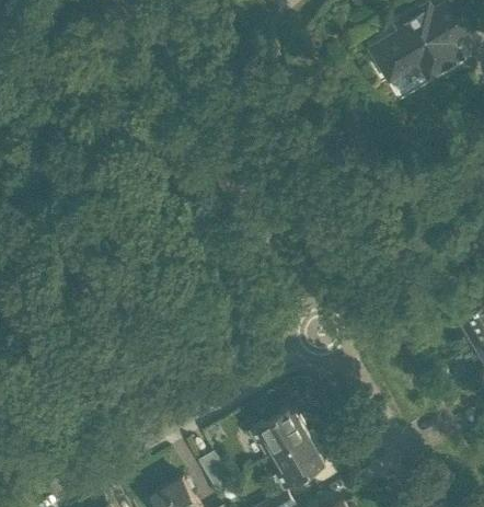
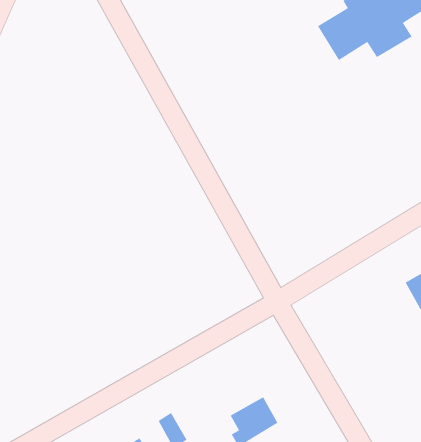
building: [251,407,310,460] -> none

